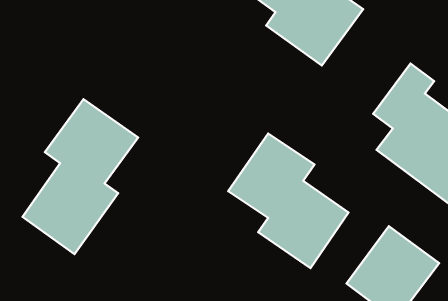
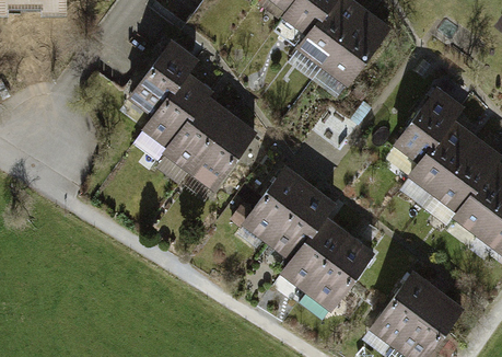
building: none -> [128,45,258,198]
building: [22,99,138,254] -> none

